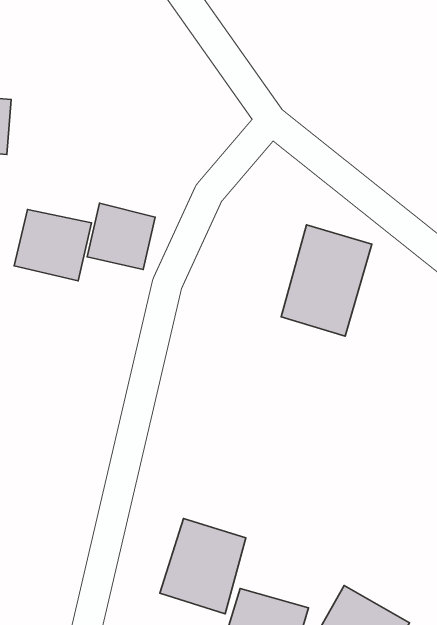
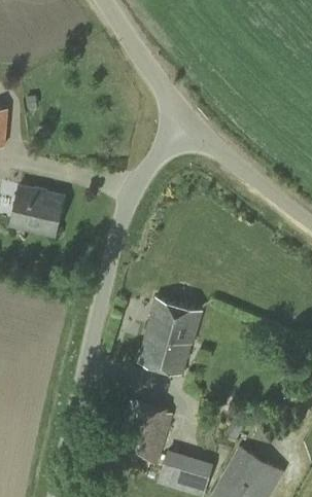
building: [87,203,155,270] -> none
building: [281,225,372,336] -> [138,298,201,376]

